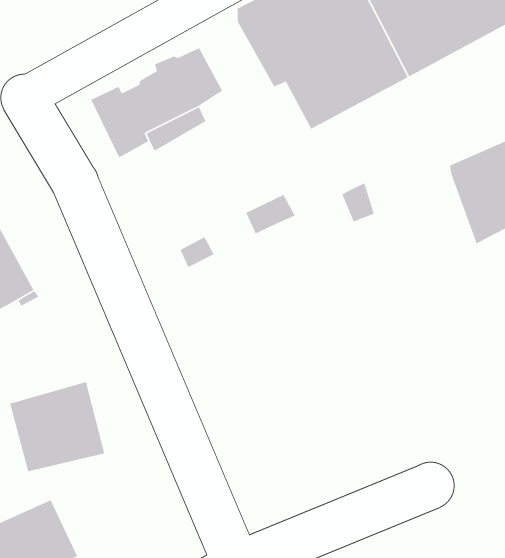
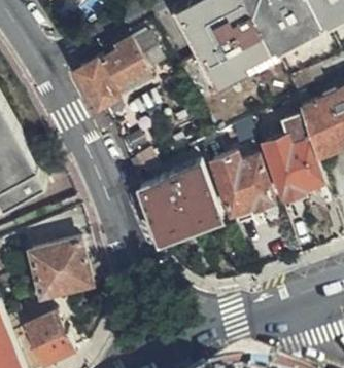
building: none -> [267,116,324,200]
building: none -> [212,155,273,216]
building: none -> [141,165,219,246]

